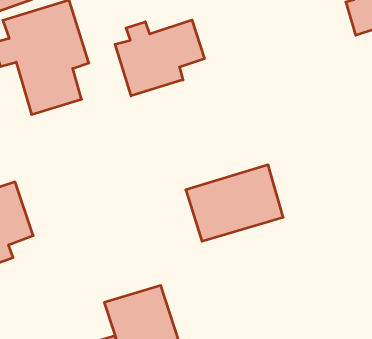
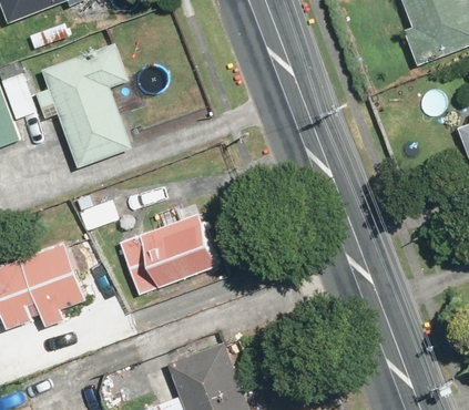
building: [115,20,204,96] -> none
building: [186,165,283,241] -> [118,213,222,297]

